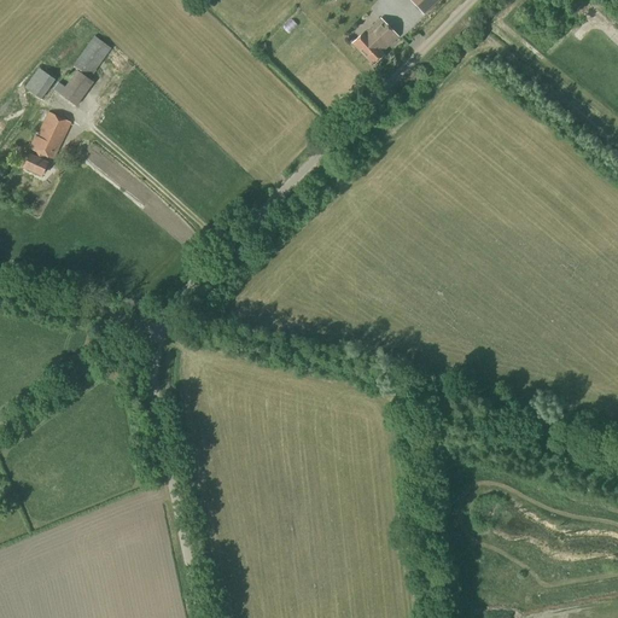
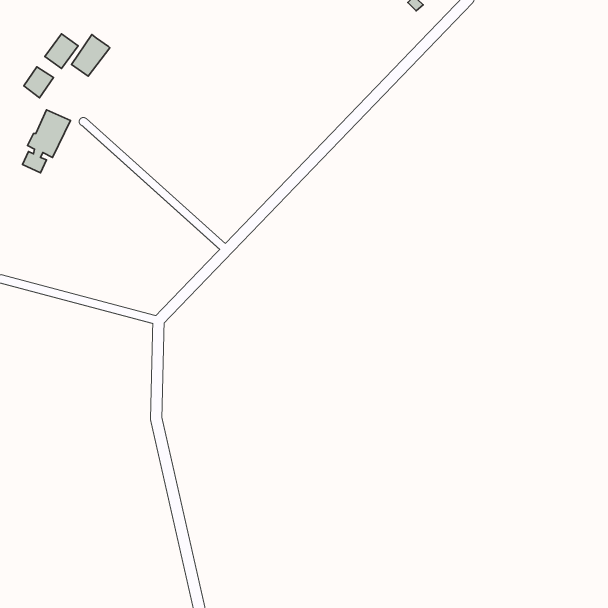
building: [352,17,400,64] -> none
building: [60,70,94,105] -> [45,34,78,69]

